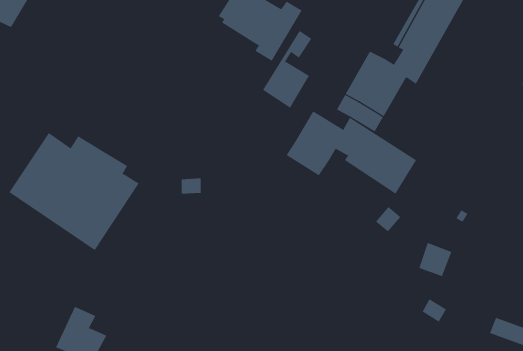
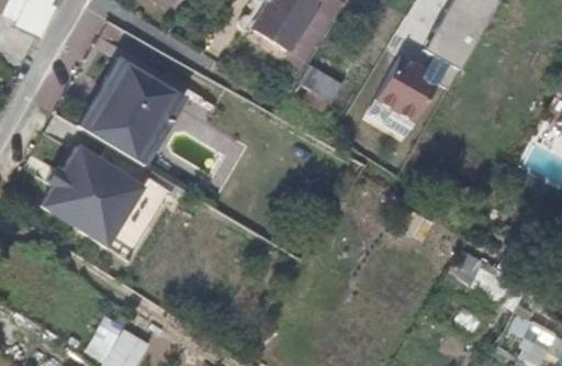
building: none -> [82,59,173,157]
building: [286,111,417,195] -> none

